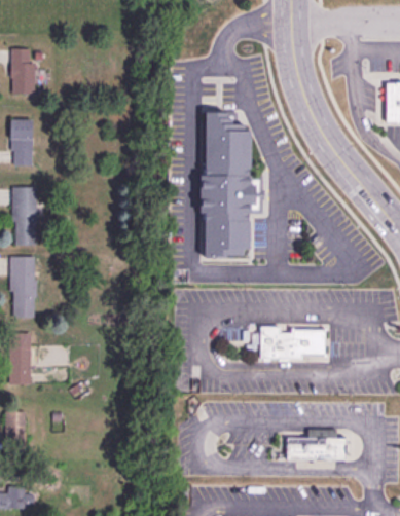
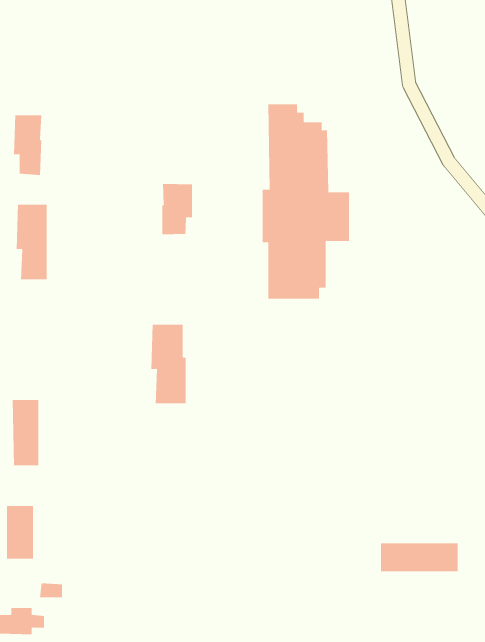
building: [10,49,35,94] -> none
building: none -> [162,183,193,235]
building: [10,257,37,317] -> [151,324,186,404]
building: [258,327,324,361] -> none

